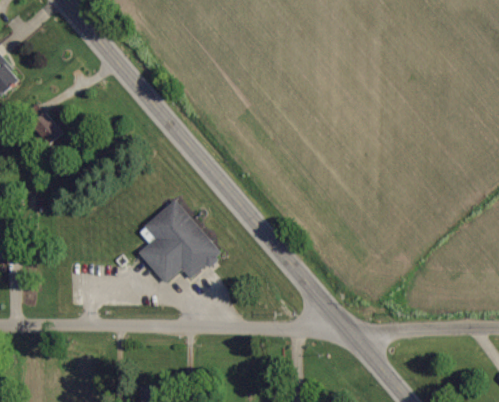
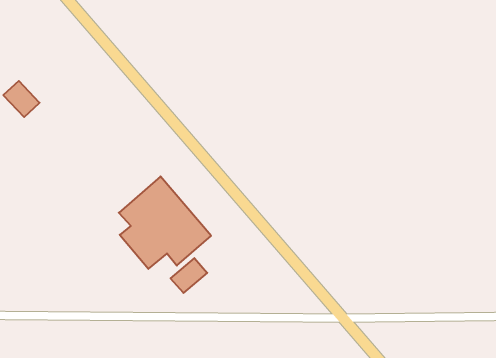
building: none -> [171,258,207,293]

